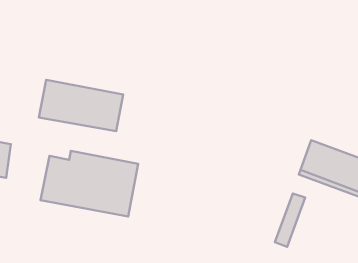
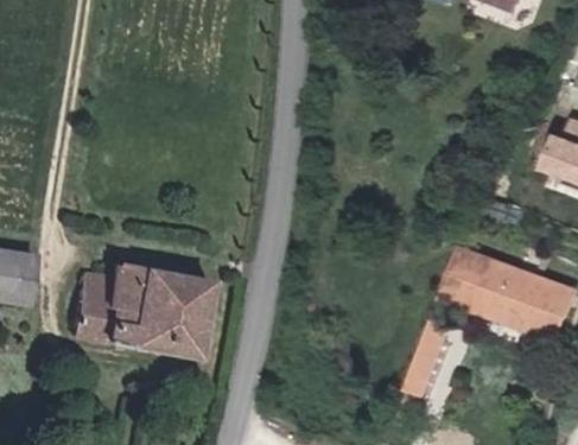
building: [39,80,123,131] -> none

